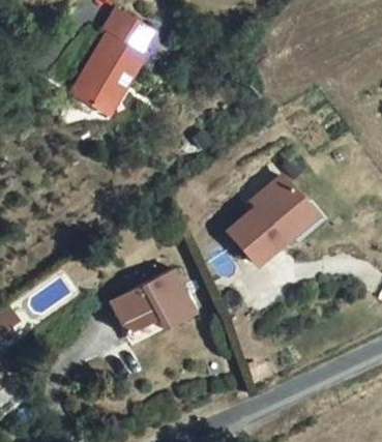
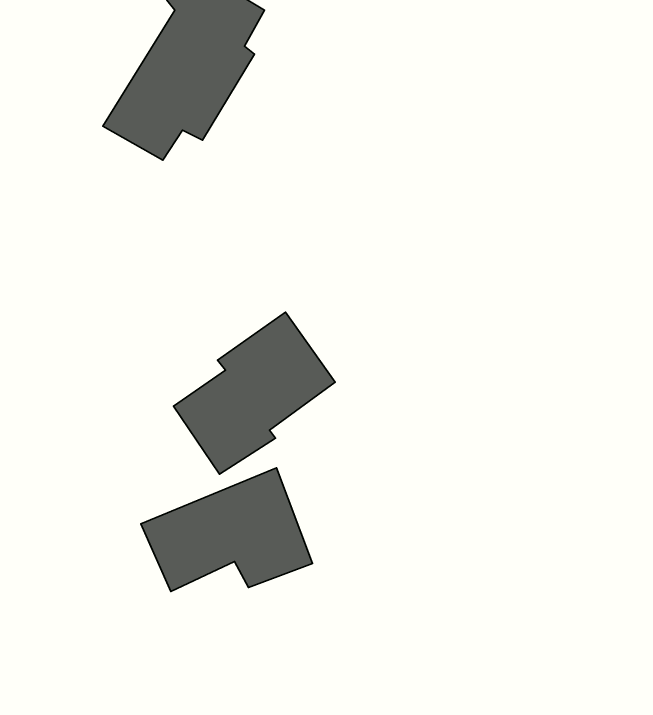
building: [223,182,306,266] -> [174,312,335,474]

